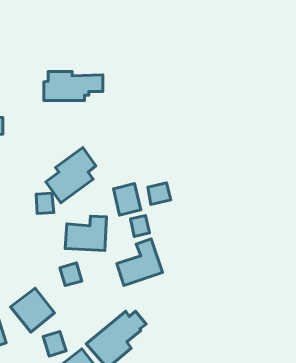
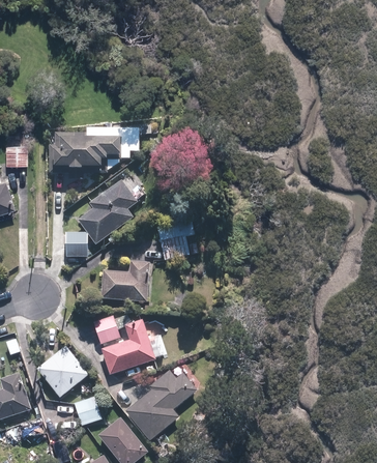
building: [44,71,103,100] -> [51,133,120,167]
building: [148,183,171,205] -> none
building: [131,216,150,236] -> none
building: [117,239,163,286] -> [102,319,155,374]

